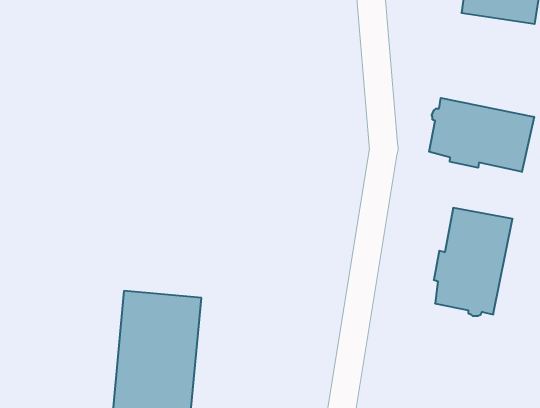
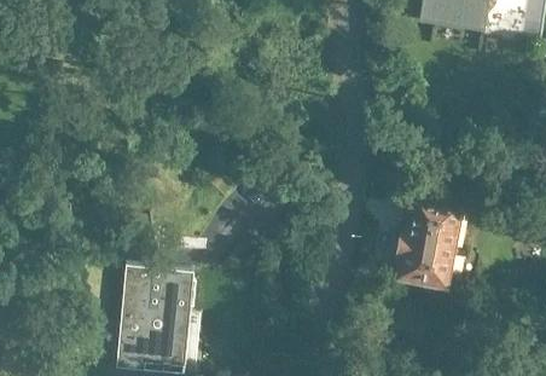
building: [429,98,534,172] -> none

